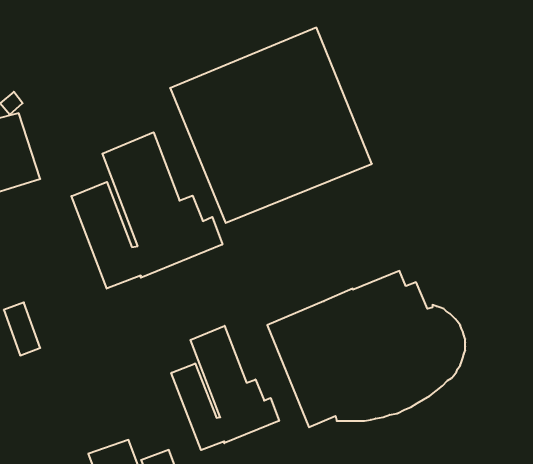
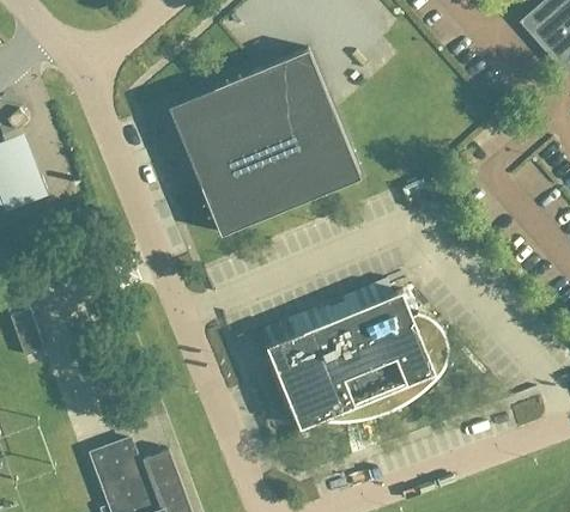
building: [71,132,222,289] -> none
building: [171,326,279,450] -> none

